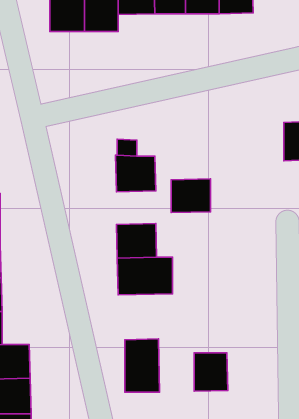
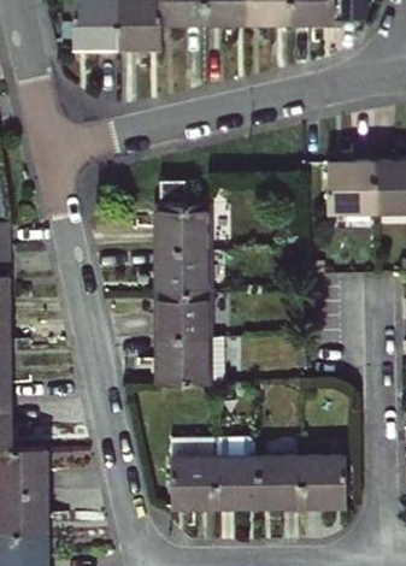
building: none -> [326,163,373,212]
building: [171,179,211,213] -> [158,250,208,294]
building: none -> [212,442,258,509]
building: none -> [300,458,345,507]

